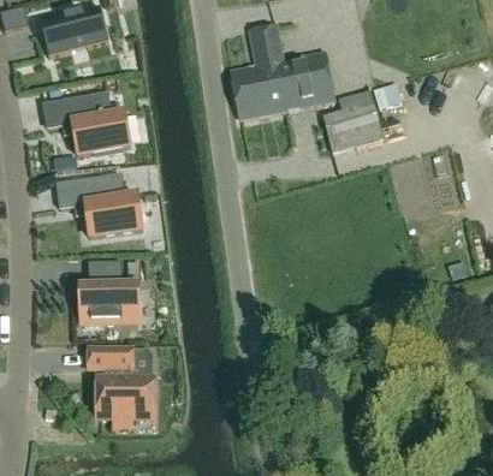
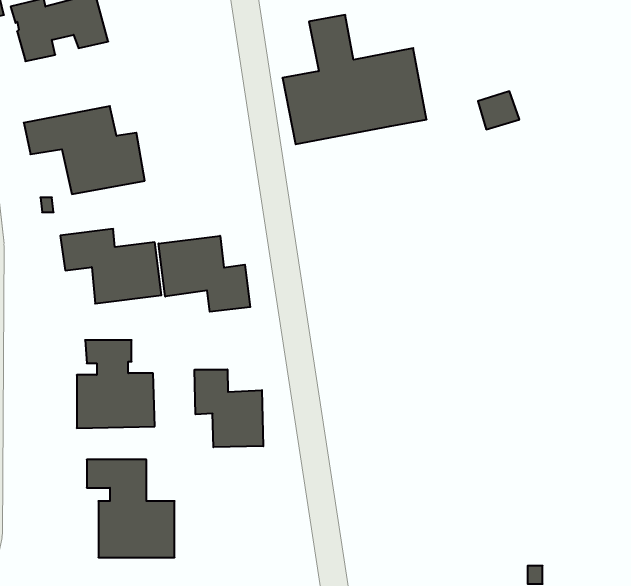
building: [320,89,382,151] -> none
building: none -> [159,236,250,312]
building: none -> [195,369,263,447]

